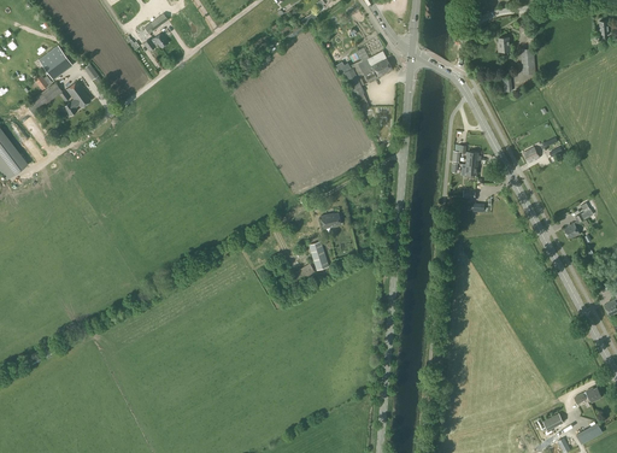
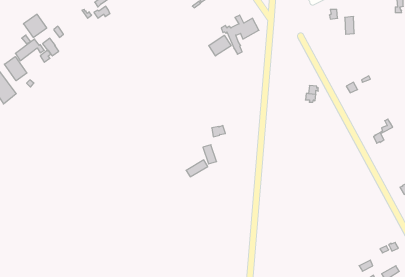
building: none -> [209,35,231,56]
building: none -> [4,57,27,81]

